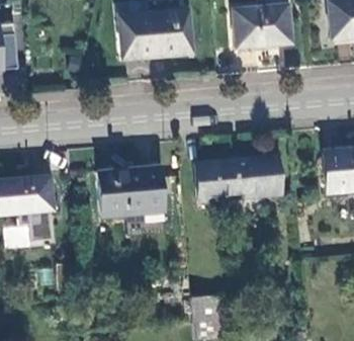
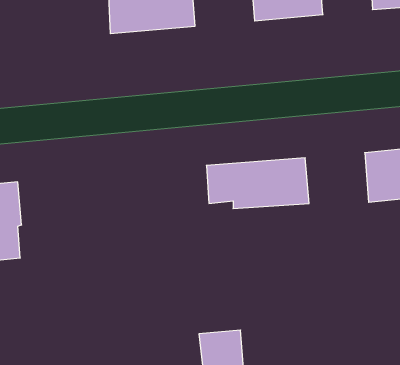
building: [96,167,163,220] -> none

